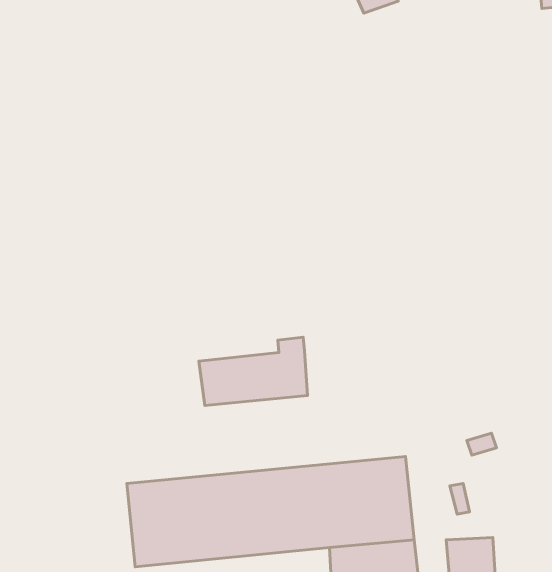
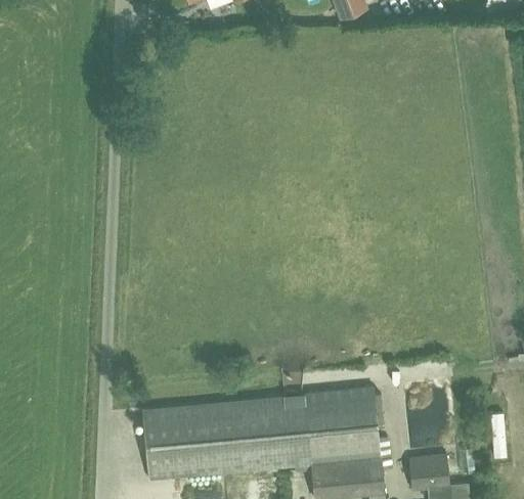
building: [199,337,307,405] -> none

